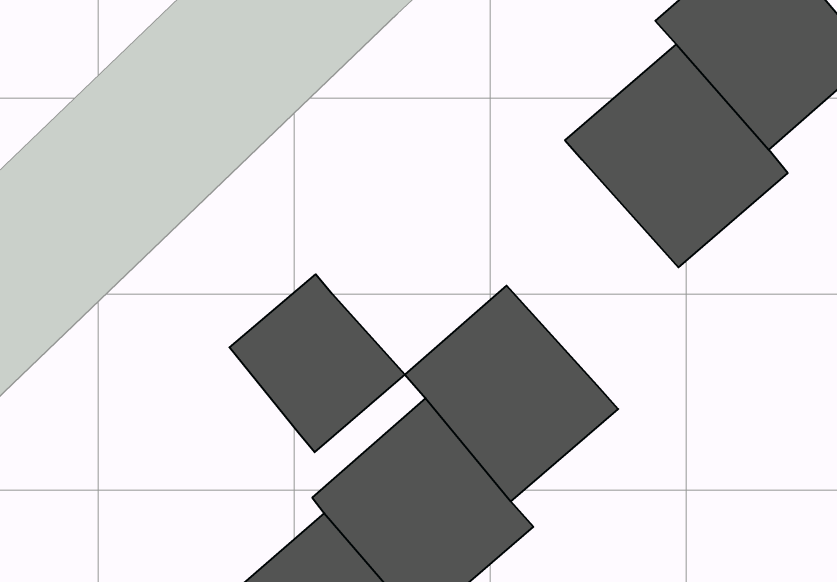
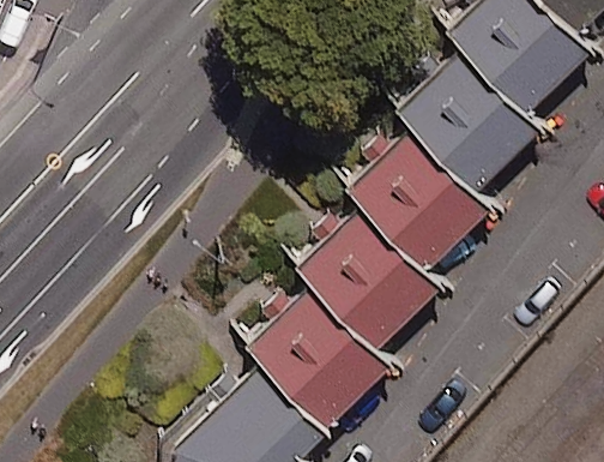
building: none -> [343,126,489,271]
building: [229,274,405,452] -> none

